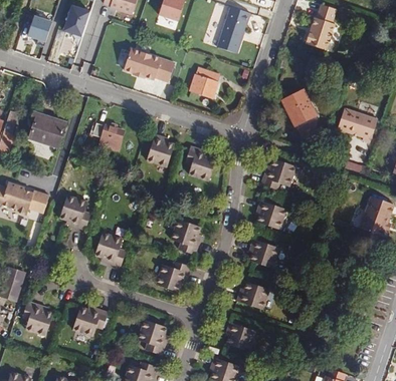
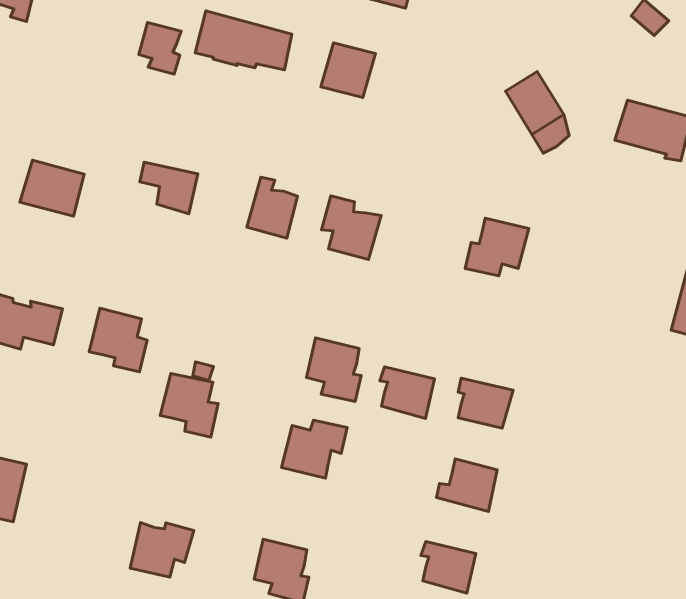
building: none -> [139,22,181,74]
building: [253,206,281,234] -> [380,367,434,419]
building: [23,303,53,338] -> none

